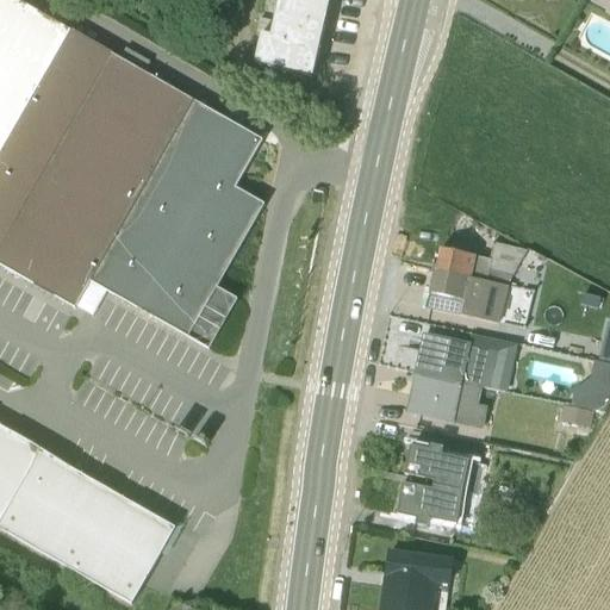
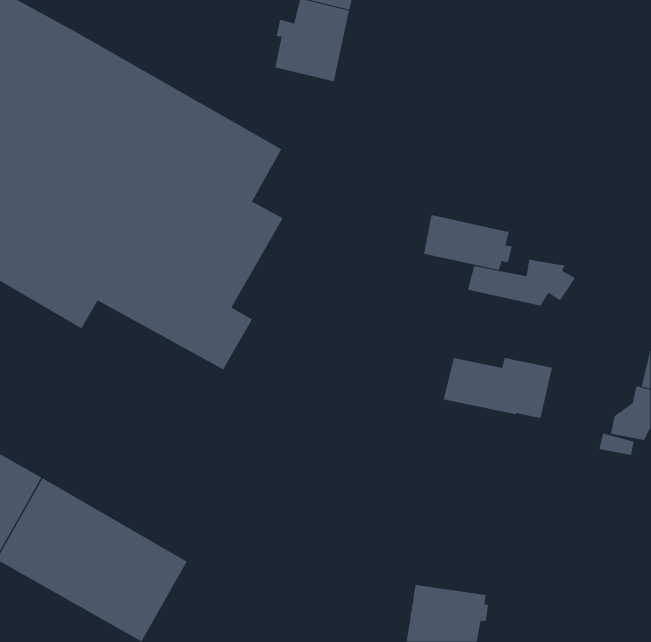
building: [428,270,511,323] -> [423,214,512,271]
building: [405,373,487,429] -> none
building: [396,444,468,523] -> none

